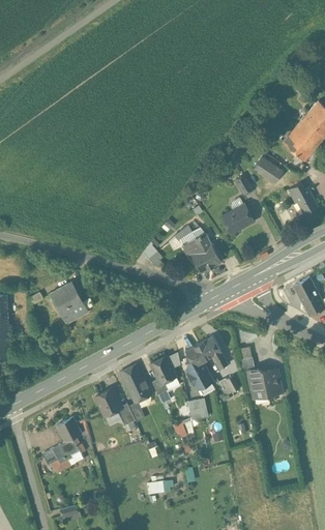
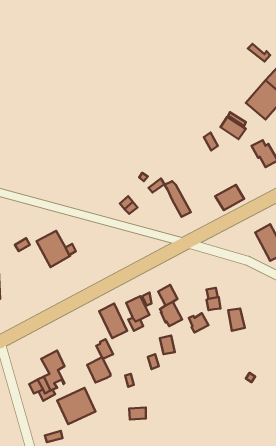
building: [220,205,253,233] -> [215,185,244,210]
building: [181,238,210,273] -> none
building: [198,334,228,367] -> none
building: [246,369,267,399] -> none
building: [94,388,120,416] -> [87,357,110,383]
building: none -> [57,388,96,424]

